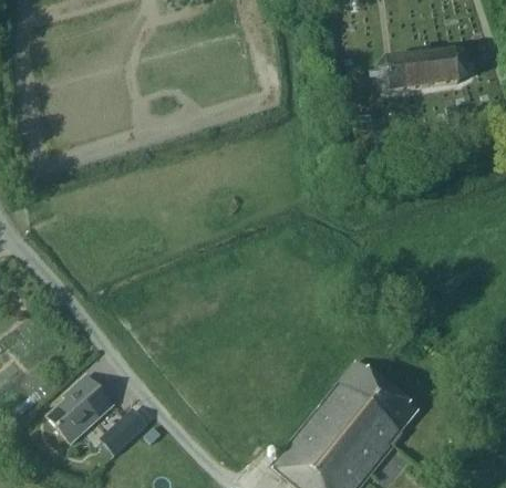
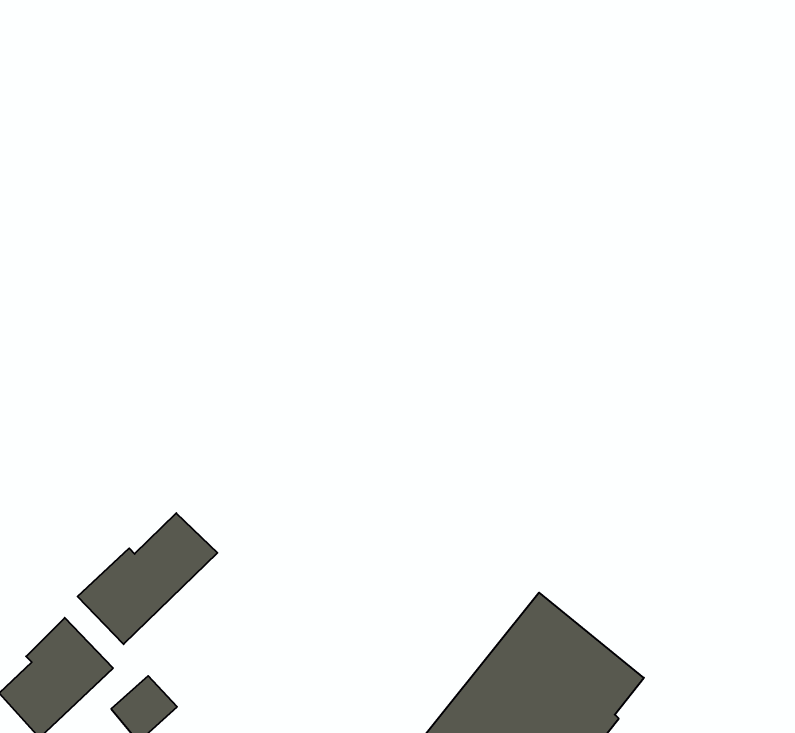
building: [375,50,472,91] -> none
building: none -> [78,513,217,644]

